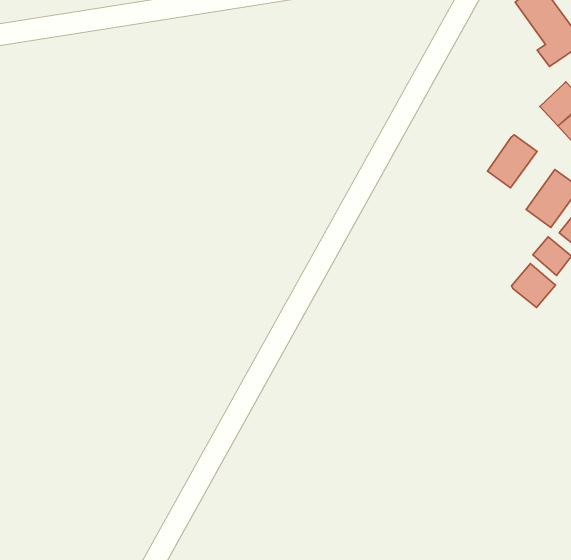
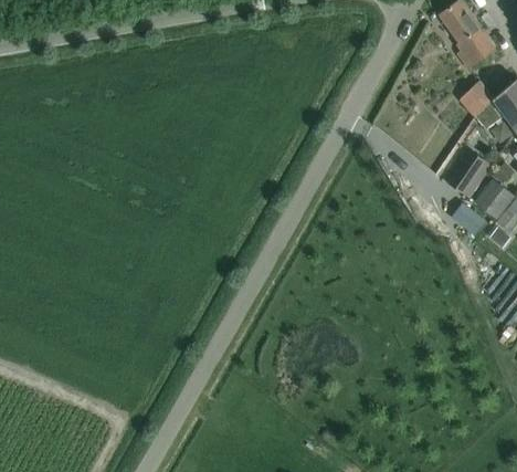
building: [487,135,537,188] -> none
building: [511,264,555,308] -> none

